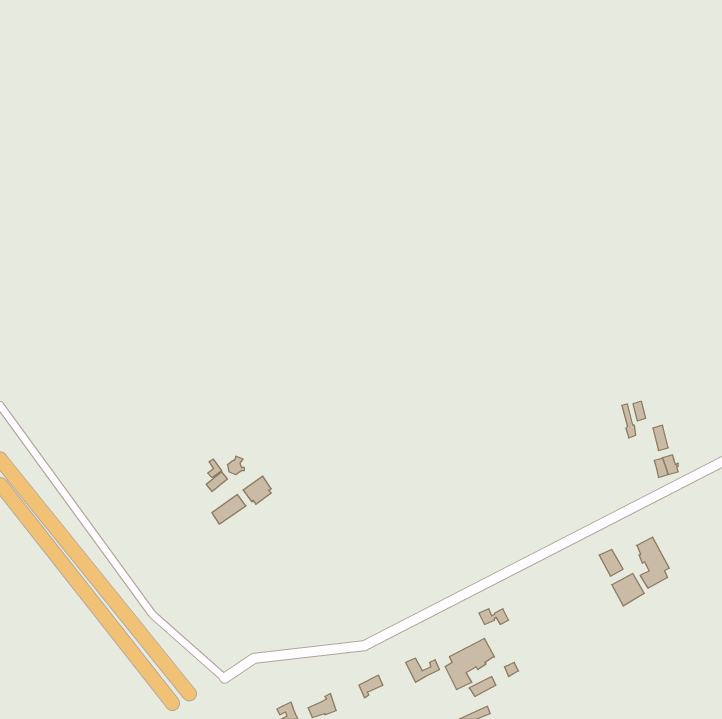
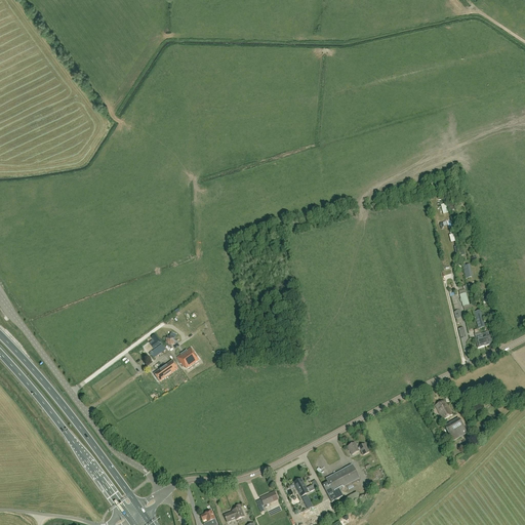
building: [636,537,669,588] -> none

